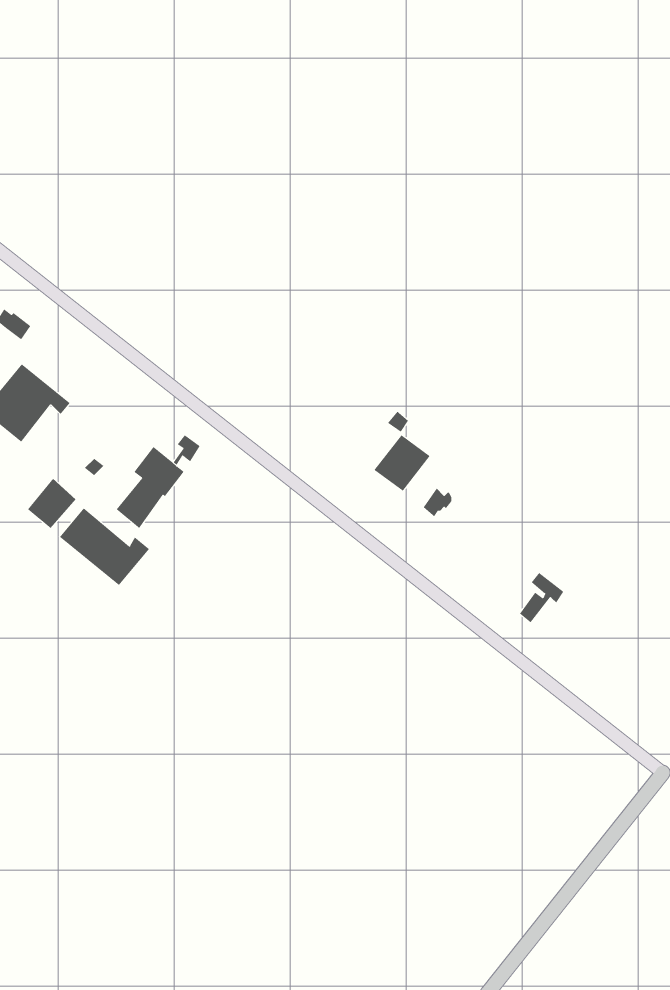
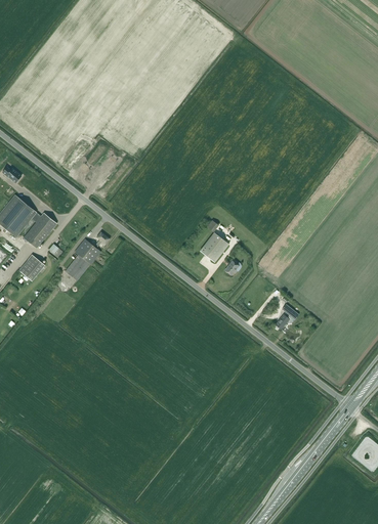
building: none -> [24,212,55,247]
building: [59,507,150,586] -> none

